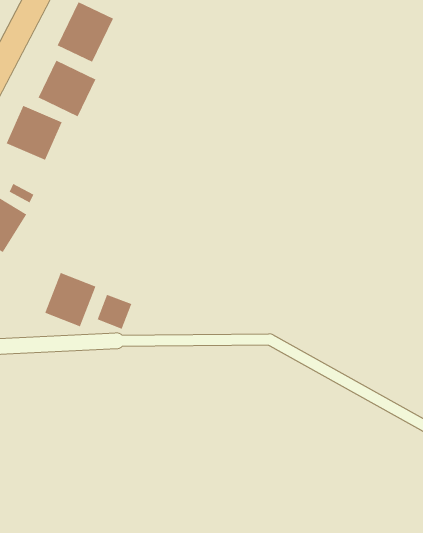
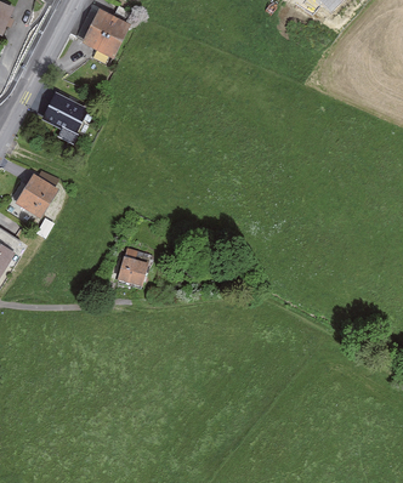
building: [38,60,96,117] -> none
building: [45,272,96,327] -> none

